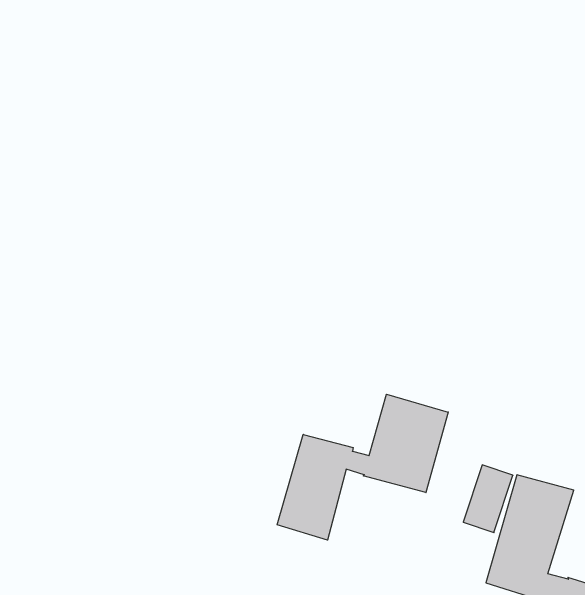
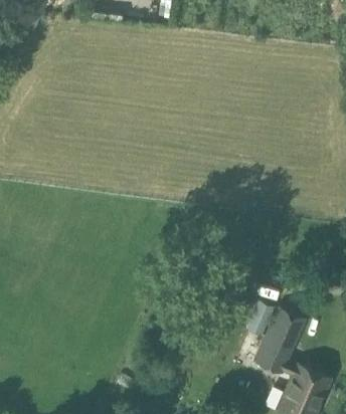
building: [277,394,448,540] -> none

